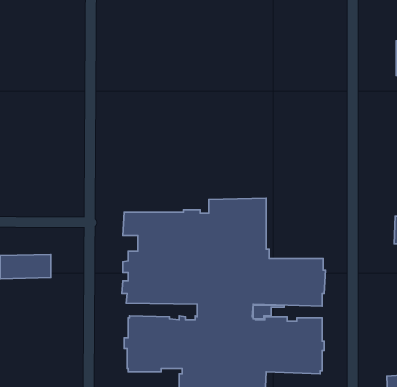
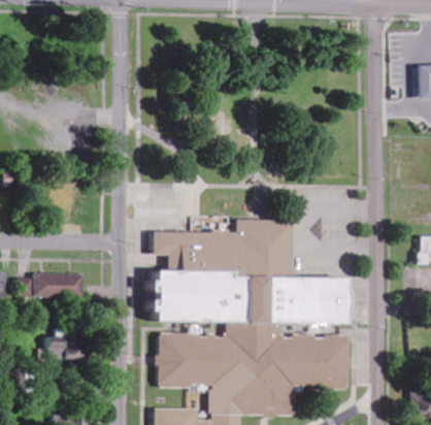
building: none -> [51,333,86,363]

